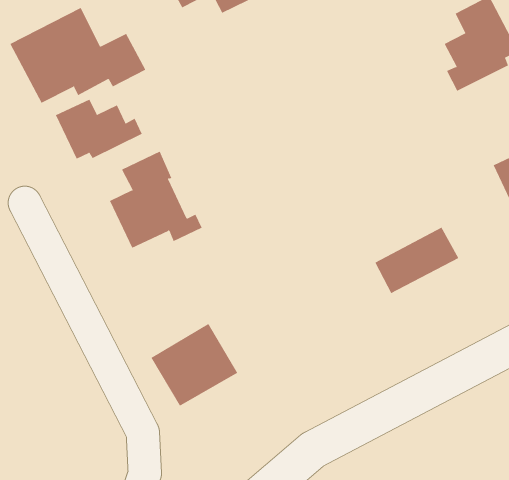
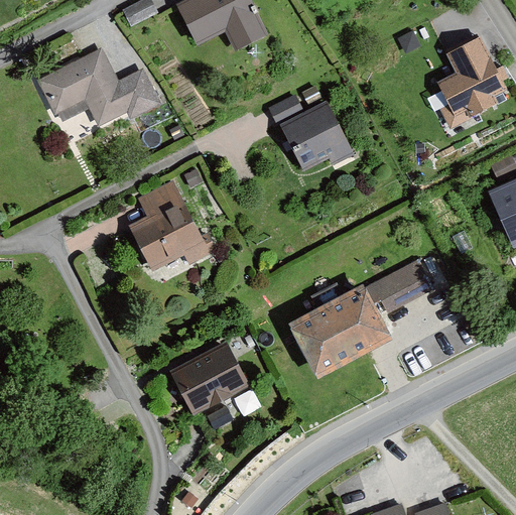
building: none -> [277,100,356,172]
building: [55,99,143,160] -> none
building: none -> [283,284,391,383]

